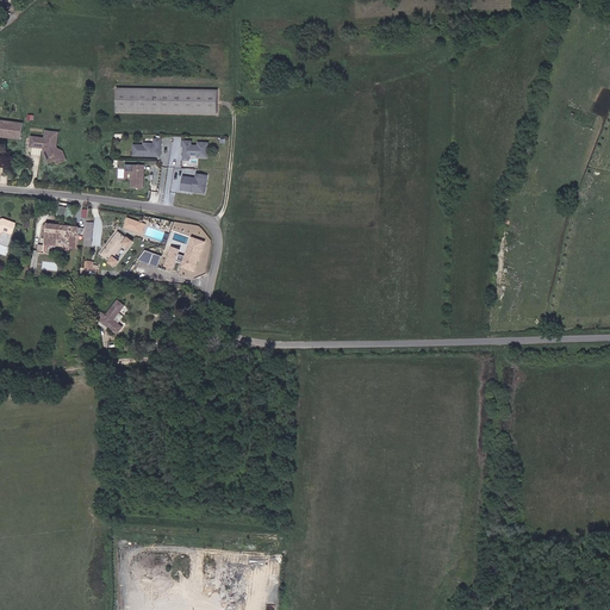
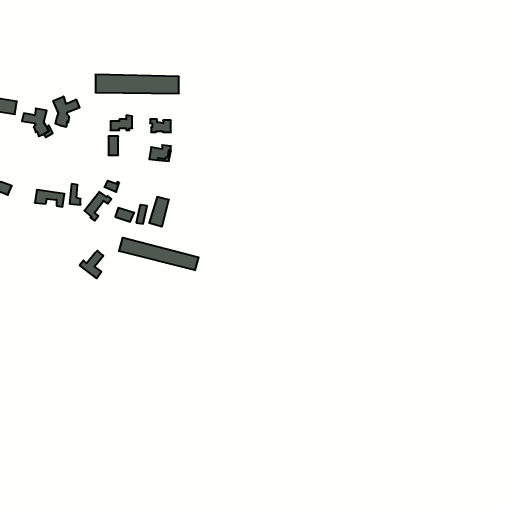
building: none -> [53,96,80,127]
building: none -> [119,238,199,270]

